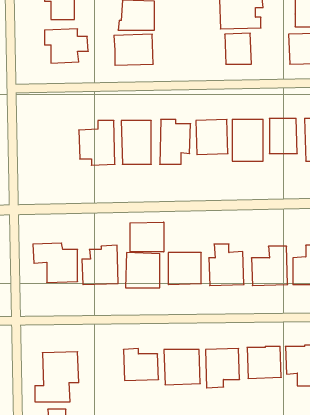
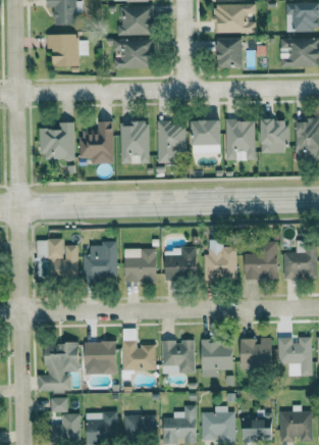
building: none -> [40,122,75,159]
building: [130,222,164,252] -> none
building: none -> [86,342,117,375]

